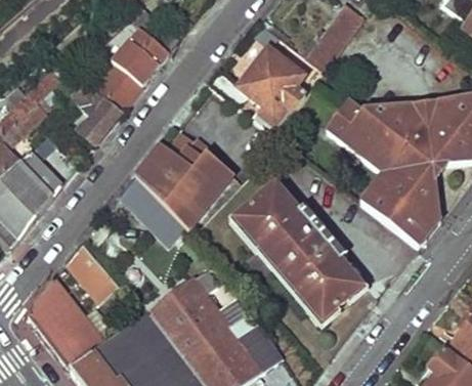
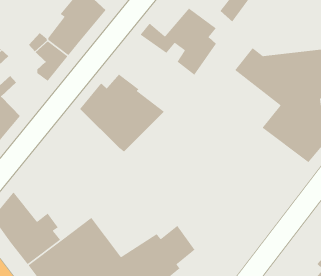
building: [120,176,184,245] -> none
building: [235,183,360,317] -> none
building: [66,243,118,300] -> none
building: [149,269,256,359] -> none

